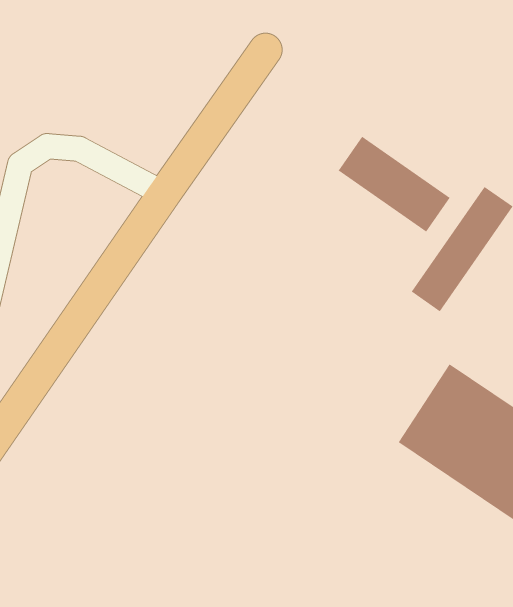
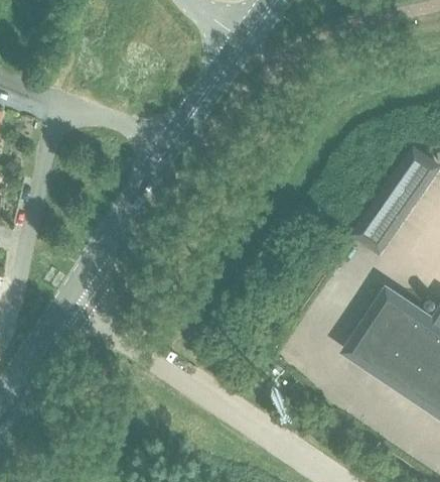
building: [338,136,451,233] -> none

